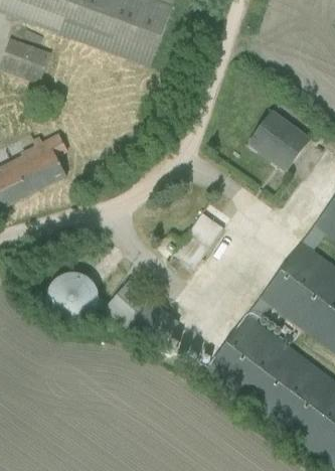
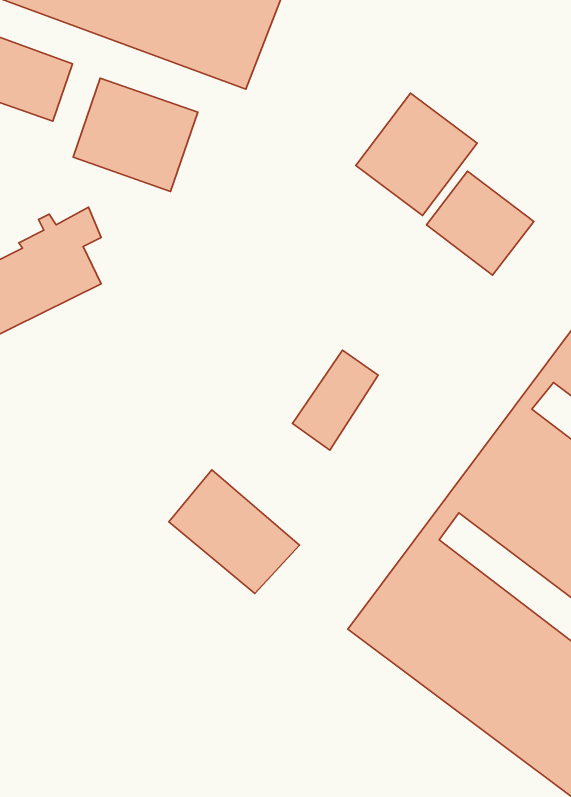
building: none -> [73,78,198,191]
building: none -> [356,93,477,216]
building: [51,276,97,321] -> none

